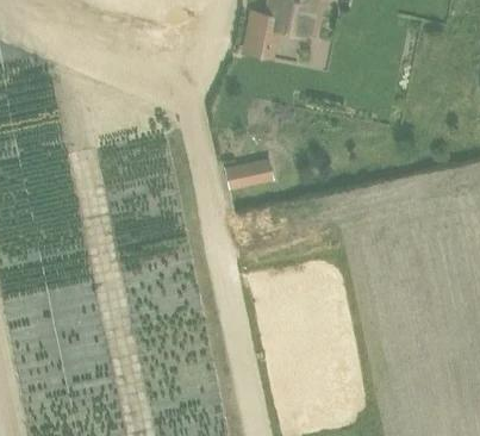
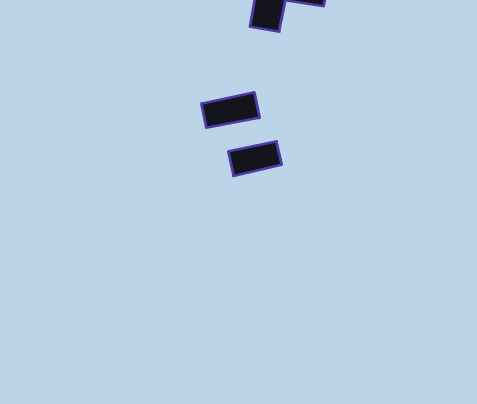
building: none -> [202,92,259,128]

